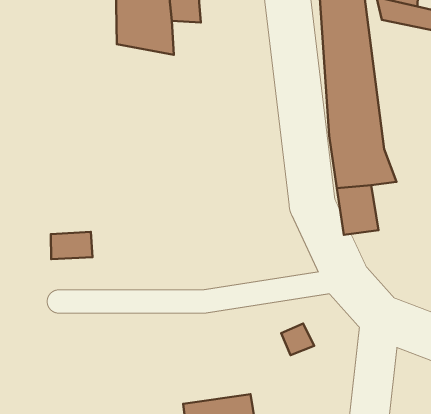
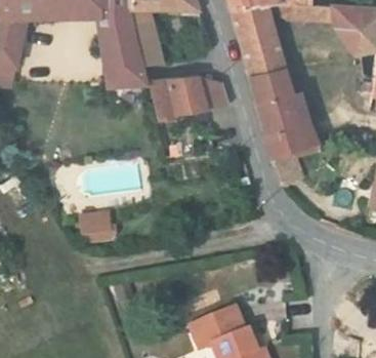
building: none -> [144,77,221,113]

